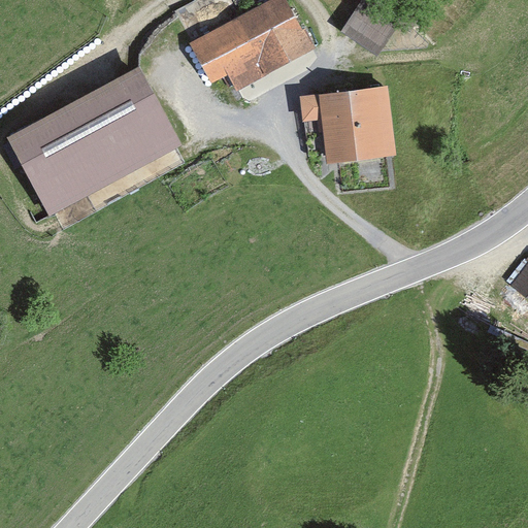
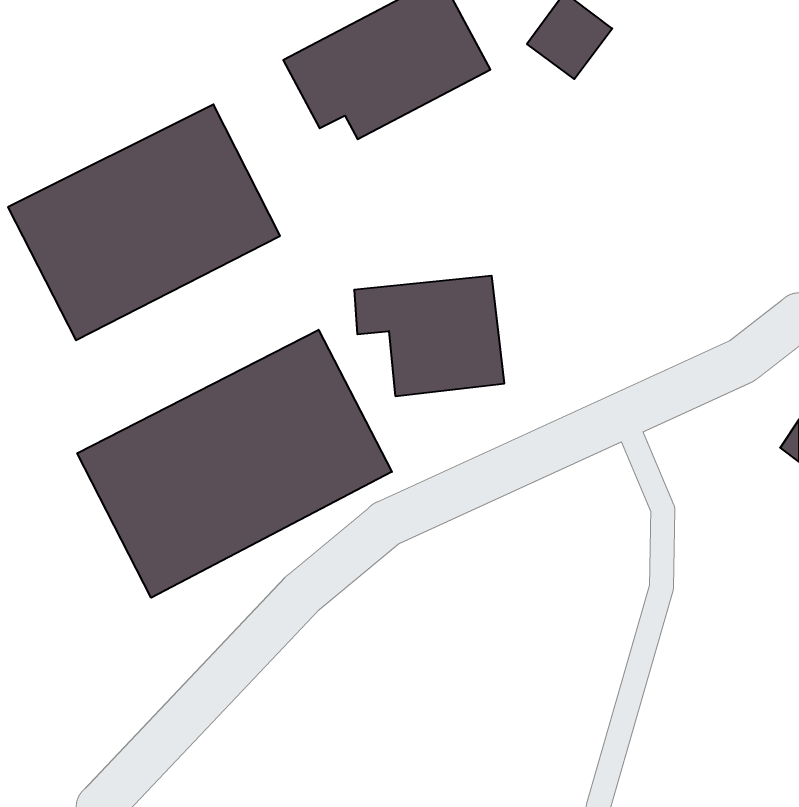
building: [298,86,396,164] -> [354,276,504,396]
building: none -> [77,330,392,598]

